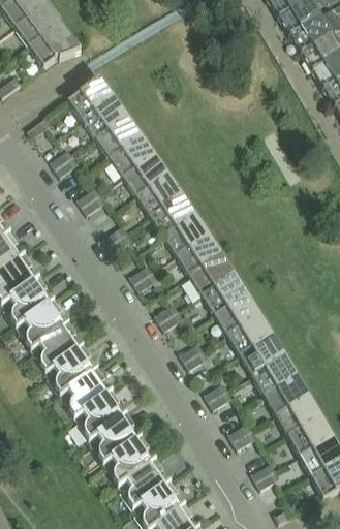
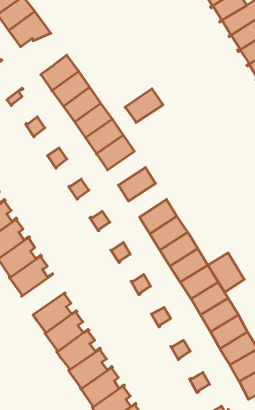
building: [151,194,197,236] -> [125,89,163,123]
building: [177,234,223,275] -> none
building: none -> [208,253,244,292]
building: [45,345,98,395] -> none

